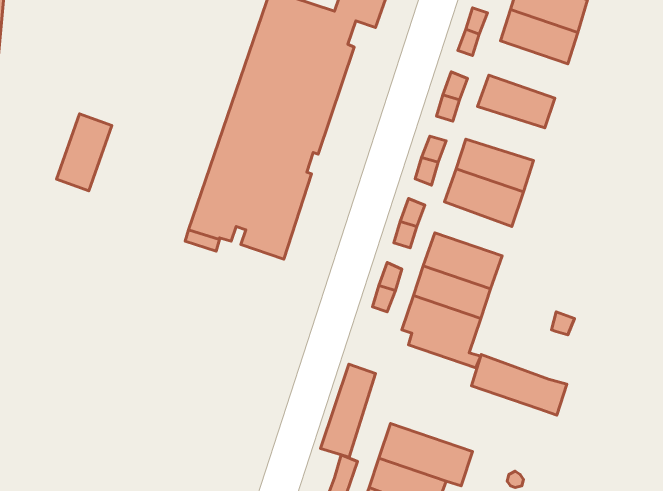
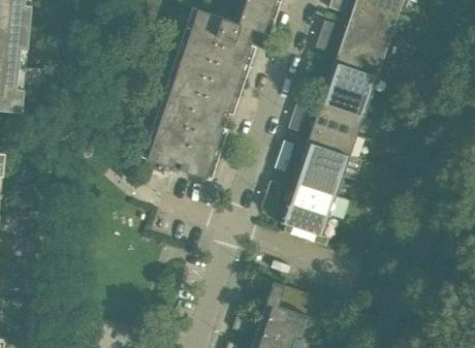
building: none -> [335,40,384,76]
building: none -> [320,82,370,116]
building: [57,114,112,191] -> none
building: [471,355,567,415] -> [300,141,360,180]
building: [320,364,375,457] -> none

